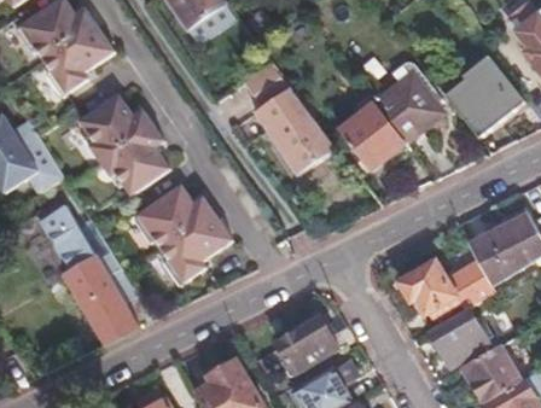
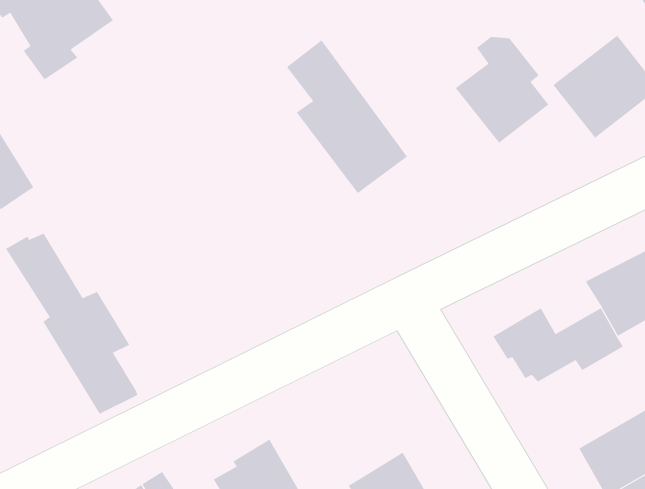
building: [80,93,170,194] -> none
building: [333,93,403,170] -> none
building: [132,183,232,284] -> none
building: [429,309,488,367] -> none
building: [275,320,332,373] -> none

